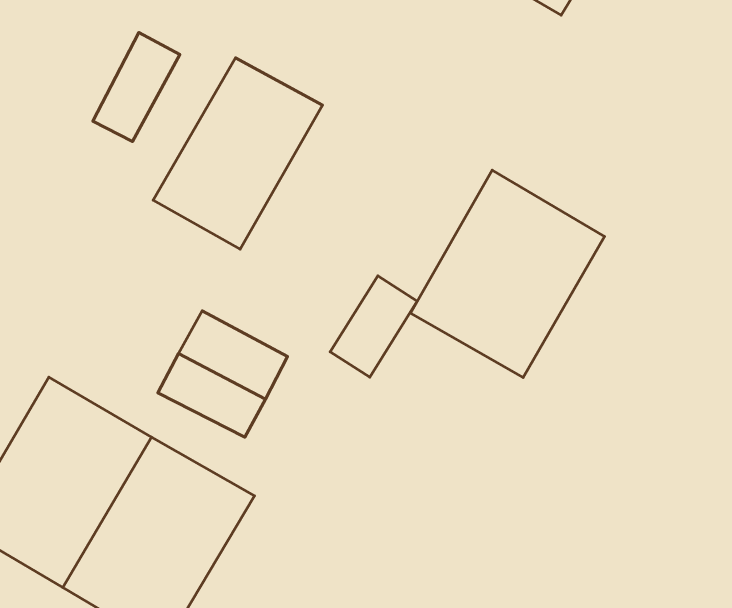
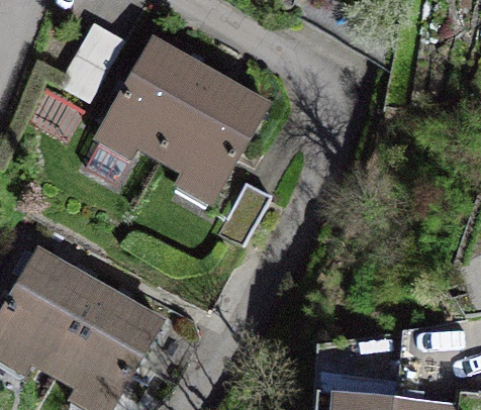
building: none -> [157,71,264,194]
building: [410,170,604,377] -> none

